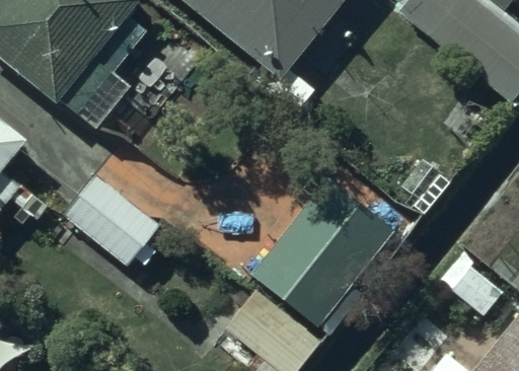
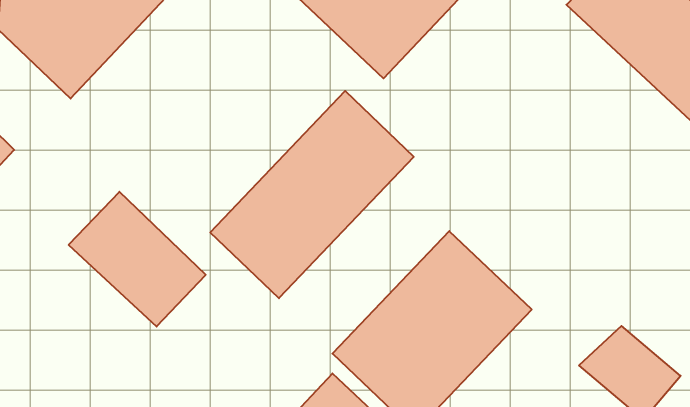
building: none -> [210,91,414,298]

